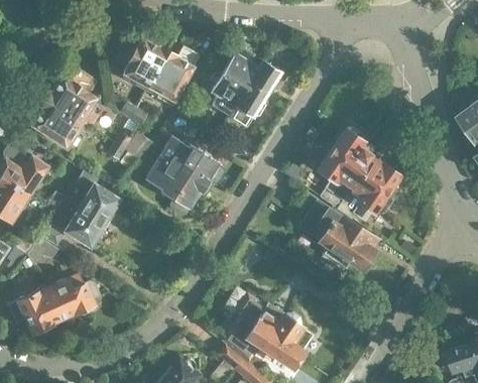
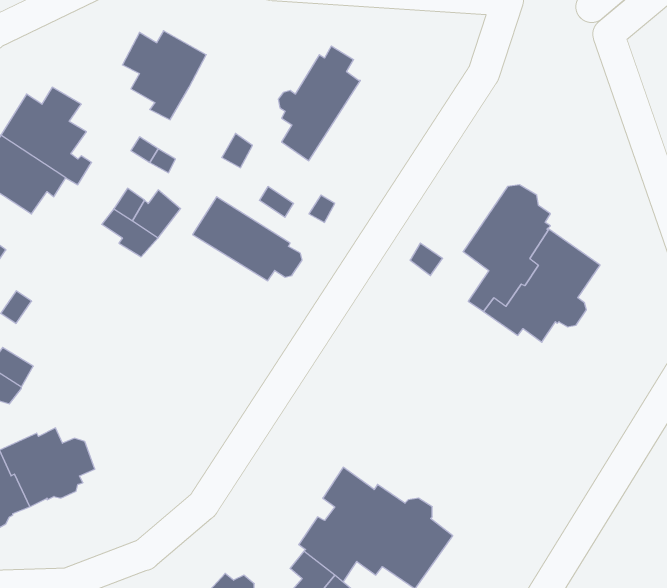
building: [146,47,200,102] -> none
building: [228,61,285,126] -> none
building: [145,159,204,216] -> none
building: [66,164,118,247] -> none
building: [298,195,375,273] -> none

